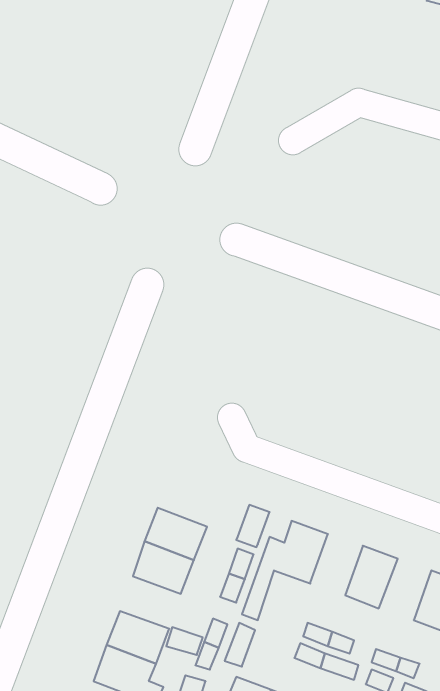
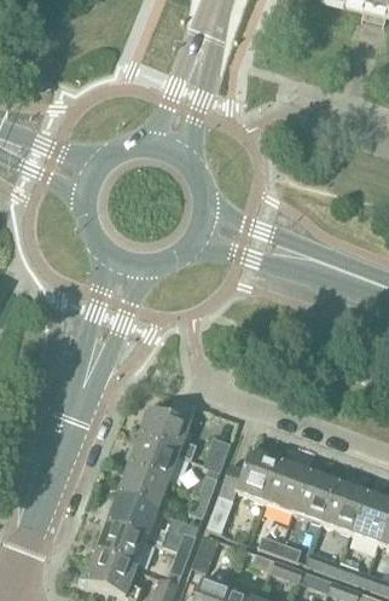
building: none -> [138,410,196,458]
building: none -> [265,461,308,512]
building: none -> [321,481,365,532]
building: none -> [106,496,157,539]

